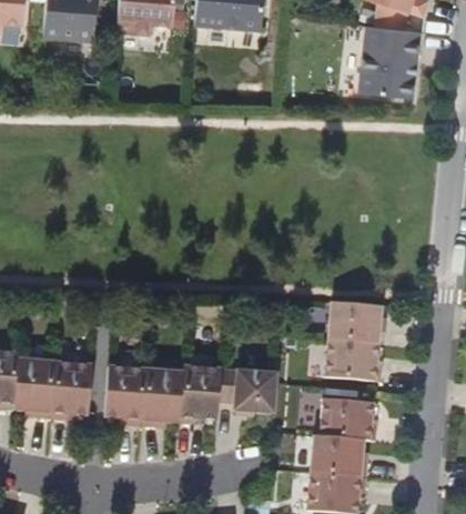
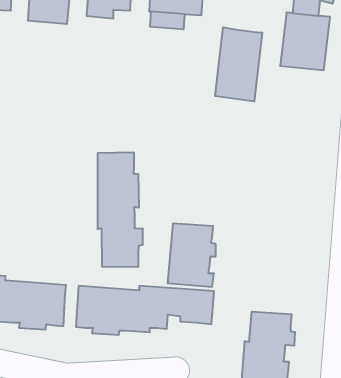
building: none -> [215,27,262,102]
building: none -> [98,152,143,267]
building: [325,302,385,381] -> [168,223,216,287]

